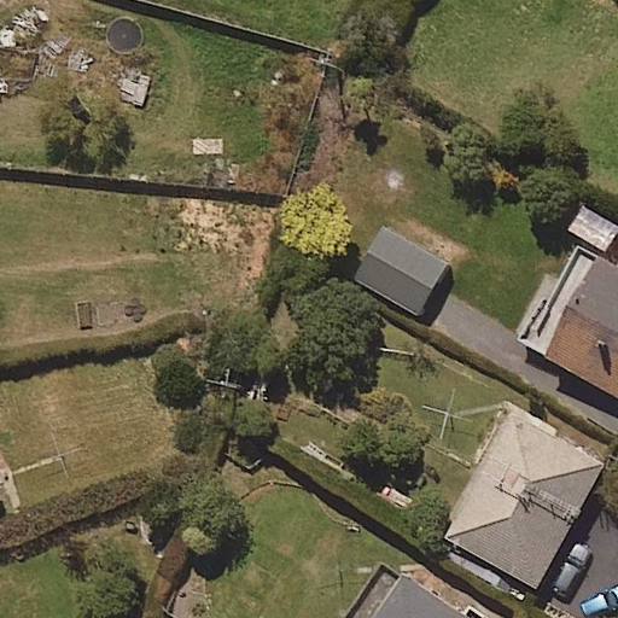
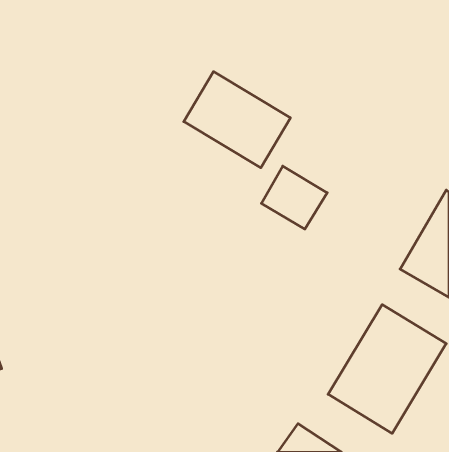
building: none -> [184,72,290,168]

